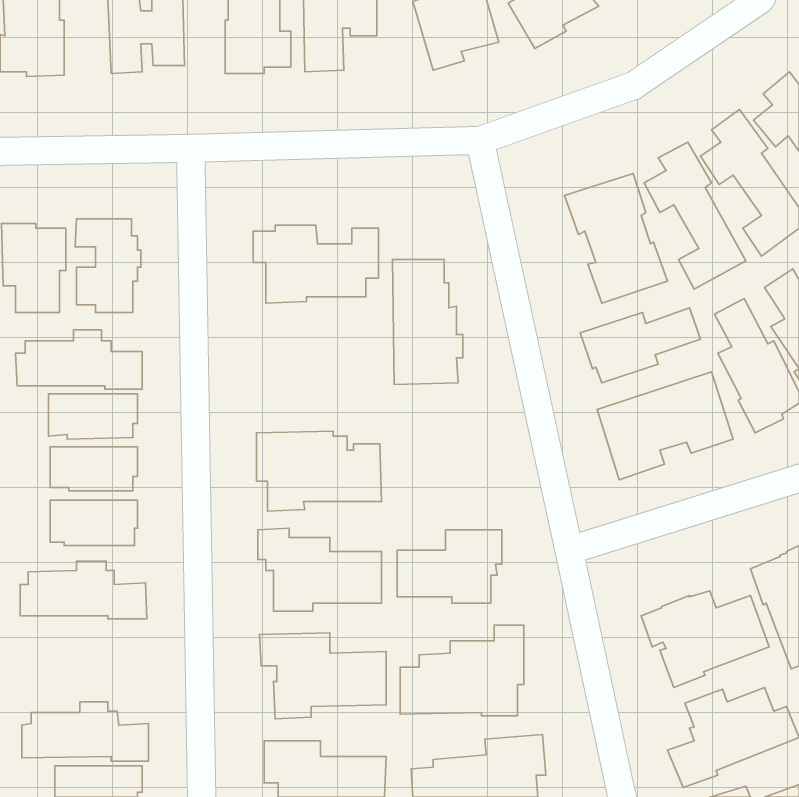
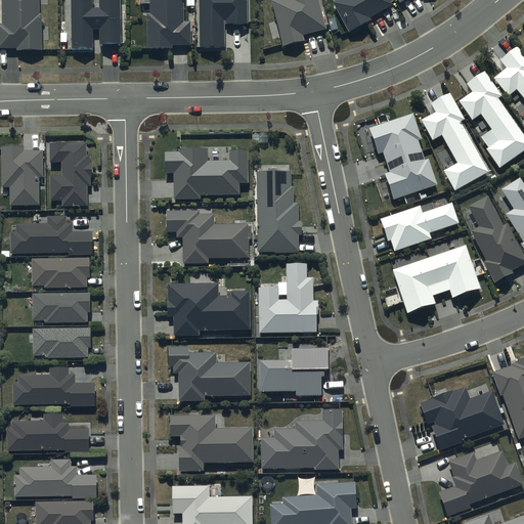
building: none -> [166,210,249,263]
building: none -> [259,263,318,333]
building: none -> [7,413,89,452]

